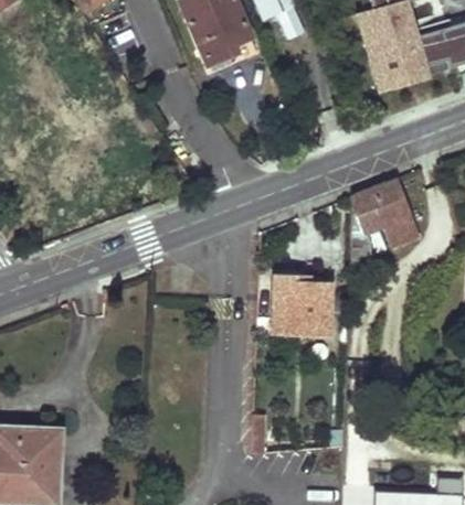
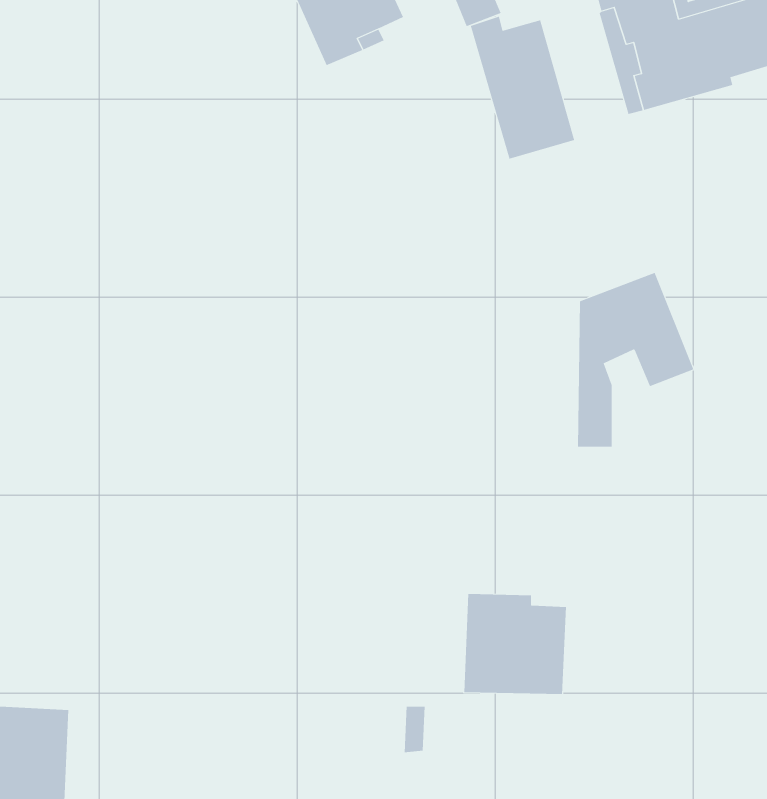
building: none -> [470,16,575,159]
building: [273,276,331,333] -> [464,593,567,695]

